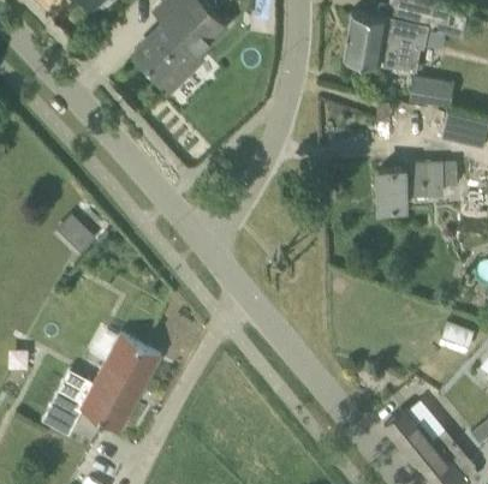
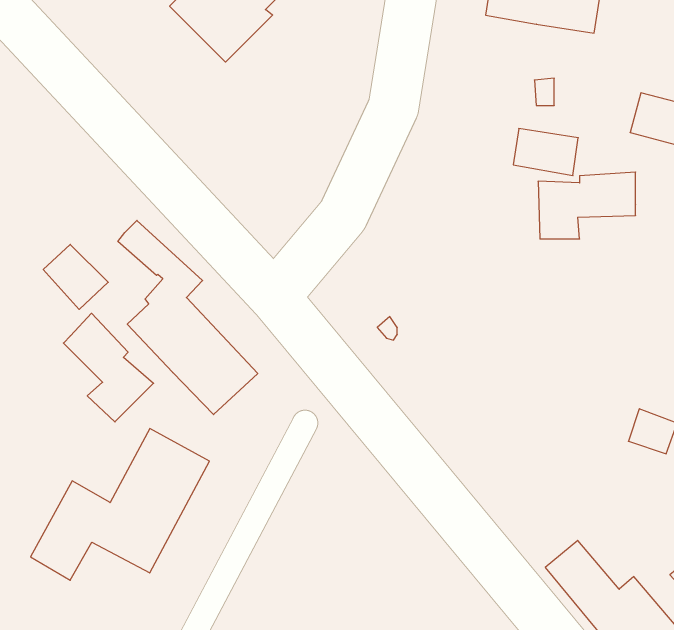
building: [411,76,454,107] -> [513,129,578,176]
building: none -> [118,220,258,415]
building: none -> [63,313,154,422]

